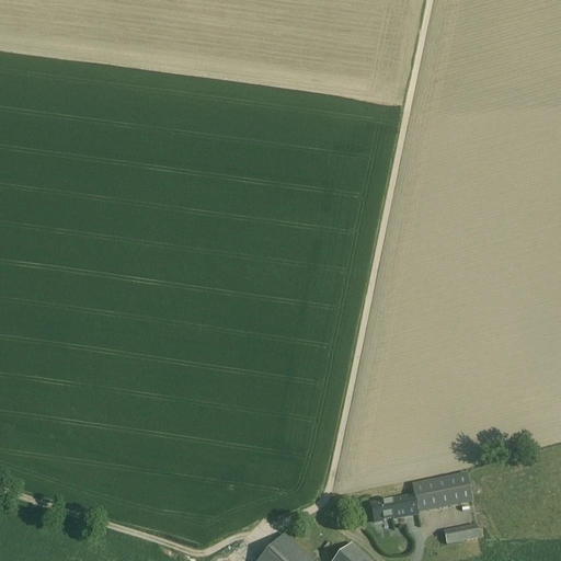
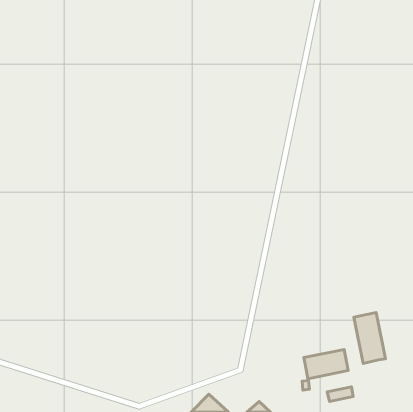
building: none -> [354,313,385,364]
building: [368,492,416,520] -> none

